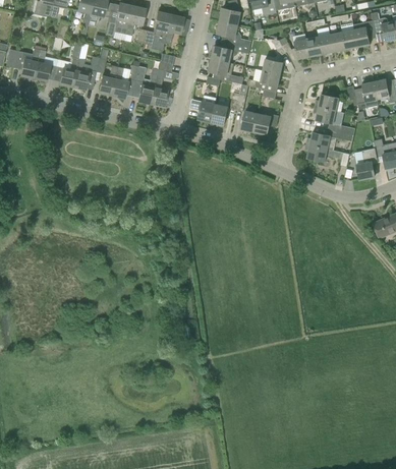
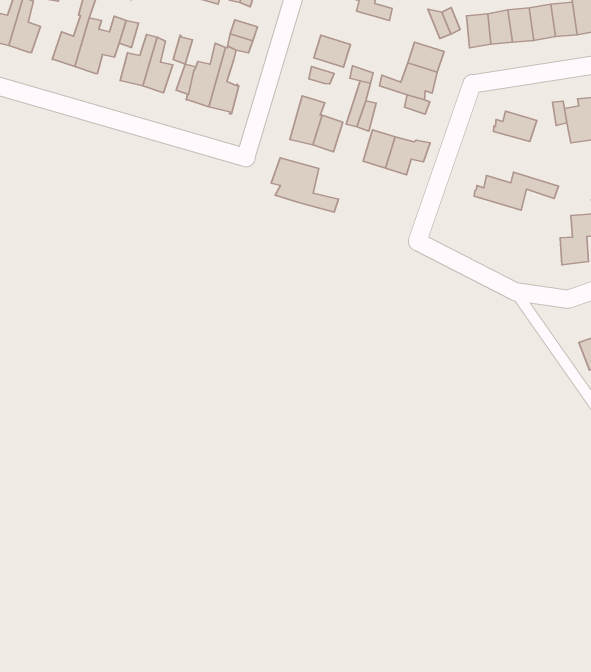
building: [212,43,250,62] -> none
building: [313,106,355,134] -> none
building: none -> [271,158,339,212]
building: [304,143,349,167] -> none

